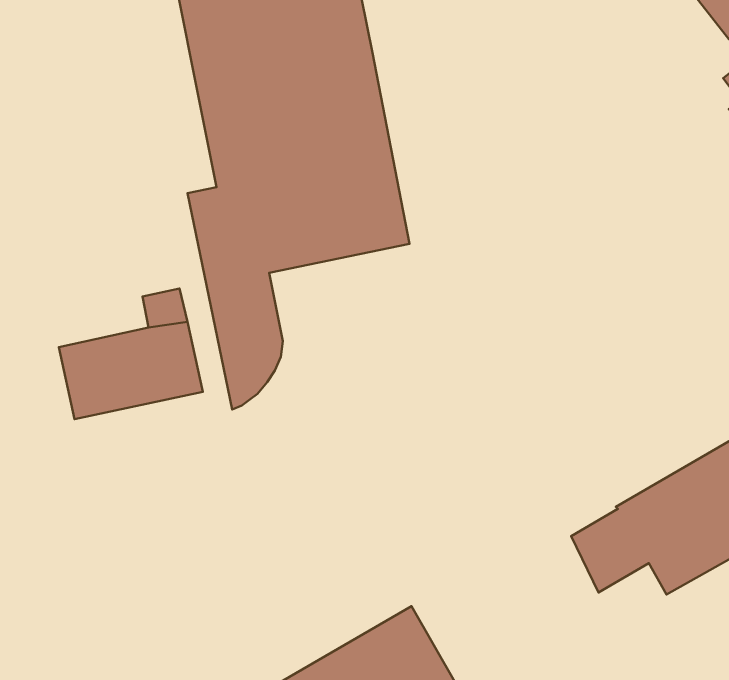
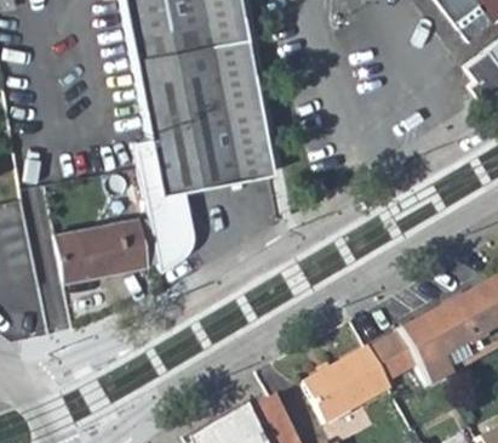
building: none -> [309,350,395,426]

